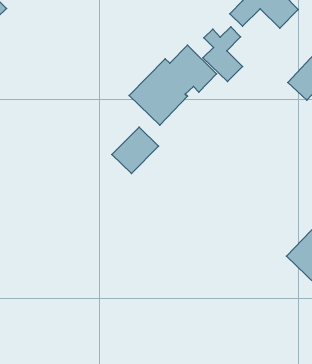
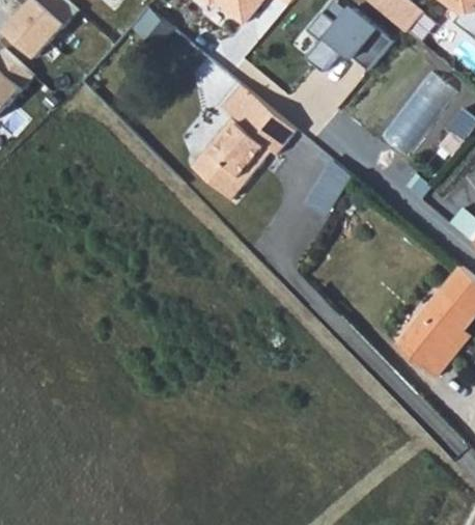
building: [203,27,243,82] -> none
building: [112,127,158,174] -> none

